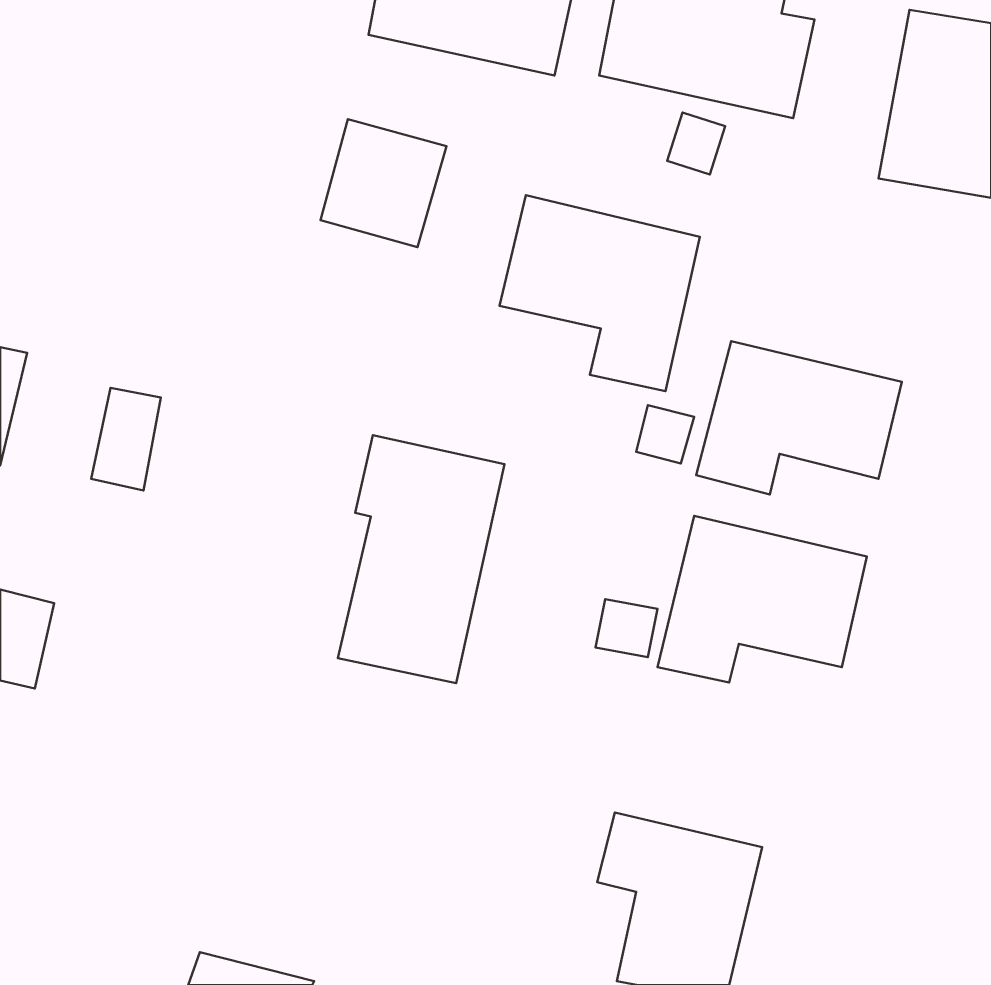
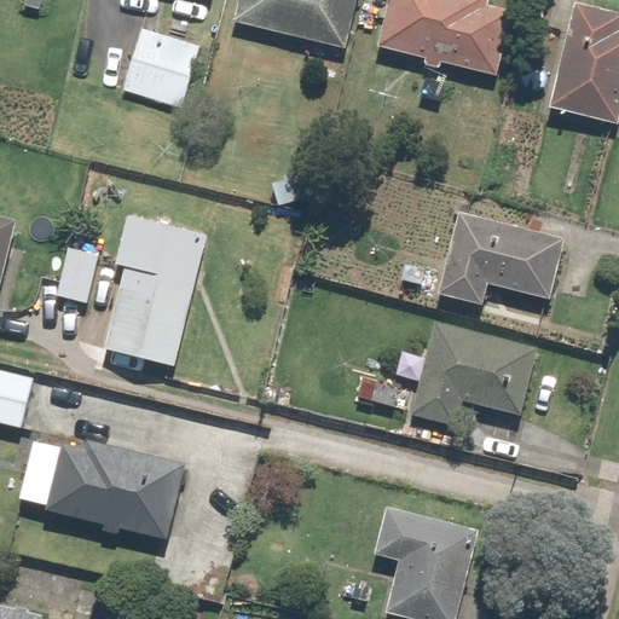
building: [321,119,447,247] -> [122,25,201,105]
building: [499,195,700,391] -> none
building: [338,435,505,683] -> [102,215,206,370]
building: none -> [16,434,184,538]

